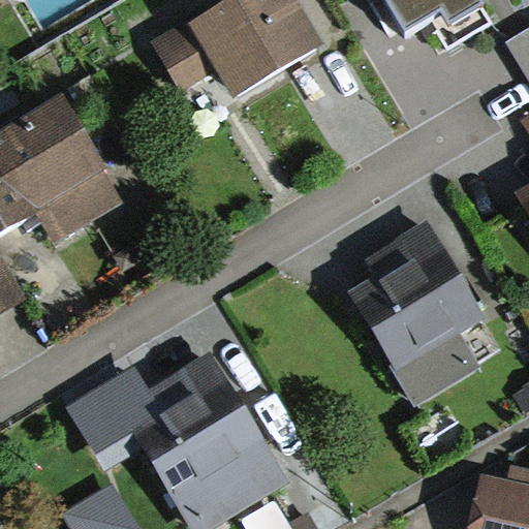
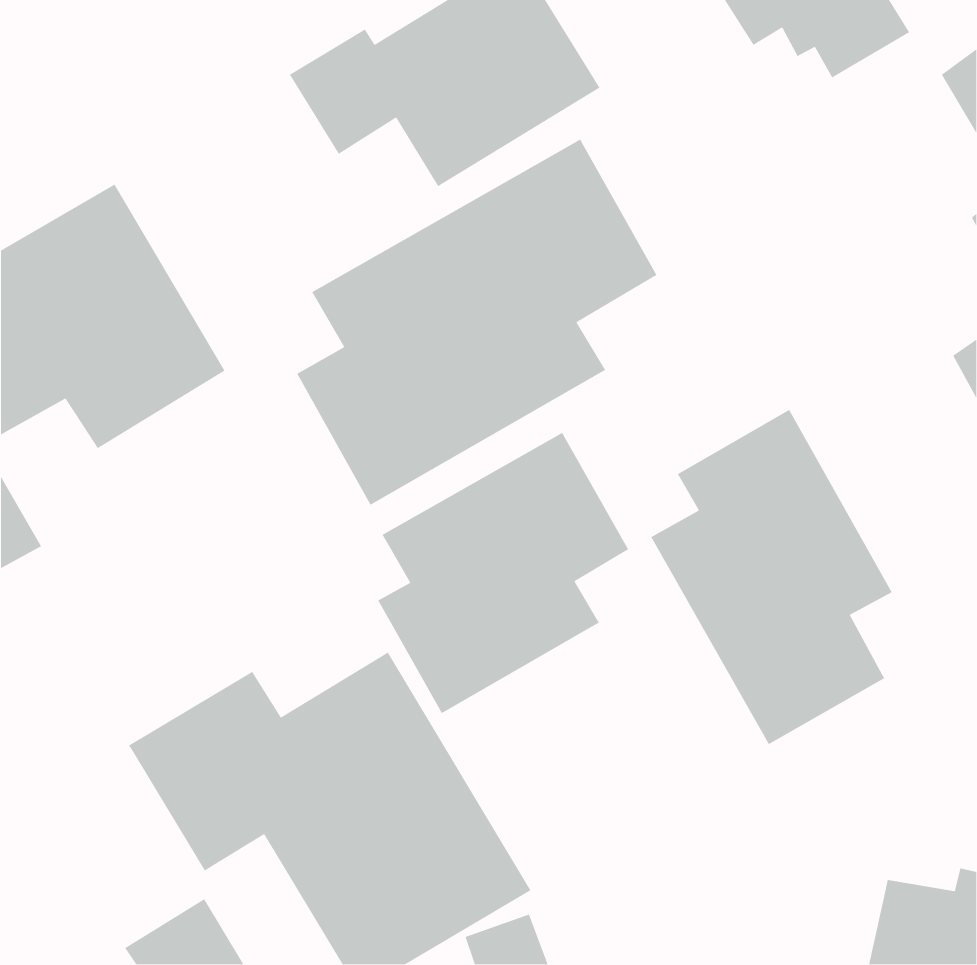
building: none -> [296,139,658,506]
building: none -> [377,432,629,714]

